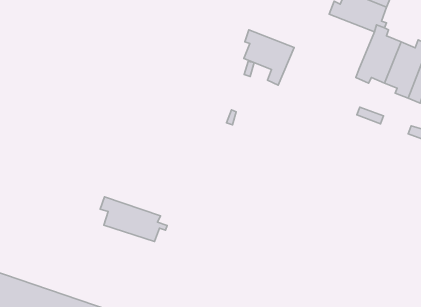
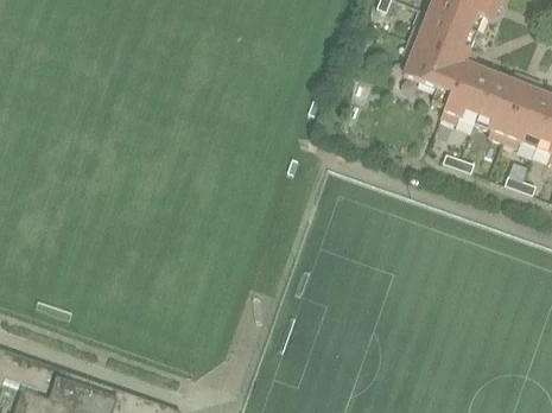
building: [244,30,294,85] -> [402,39,463,106]
building: [100,197,167,241] -> none

